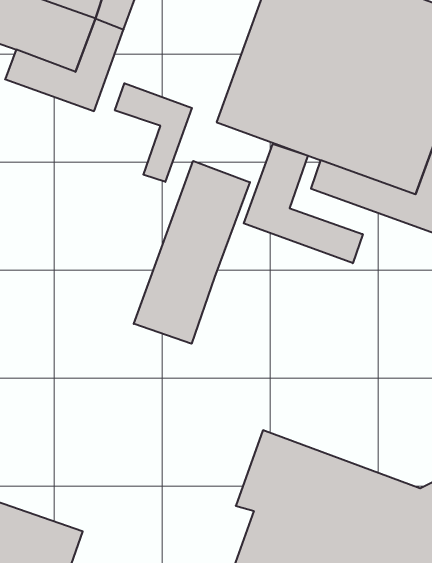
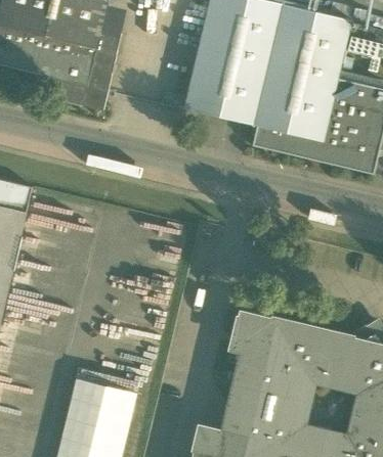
building: [115,83,192,182] -> none
building: [244,144,363,263] -> none
building: [134,161,250,344] -> none

